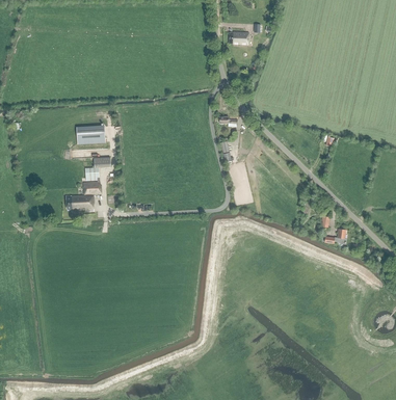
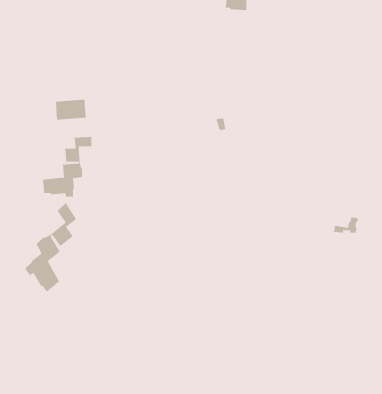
building: none -> [24,202,77,292]

